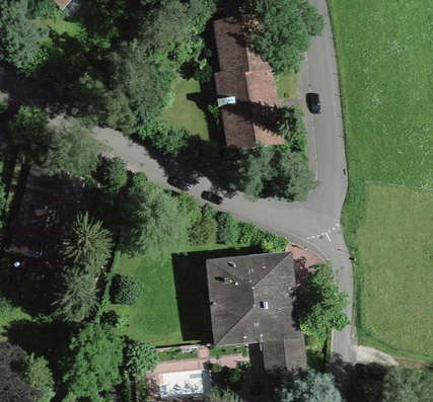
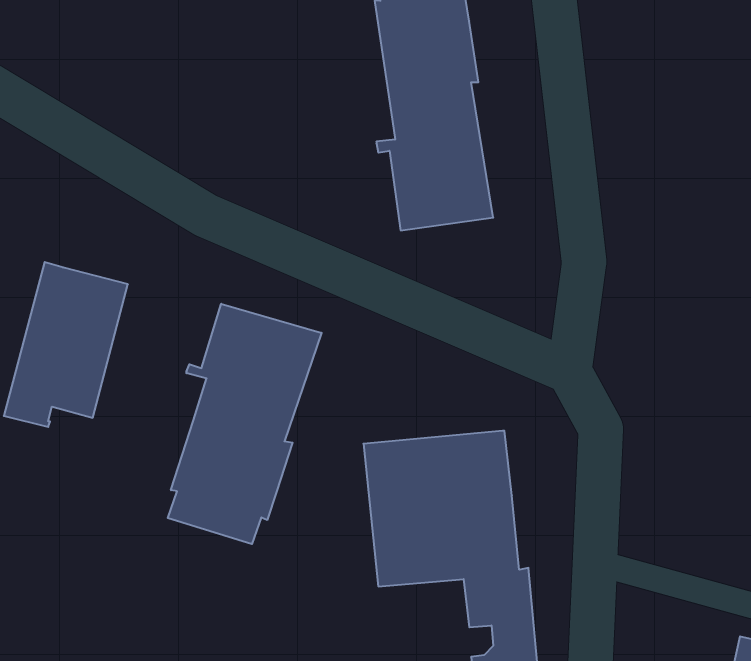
building: none -> [168,304,322,544]

